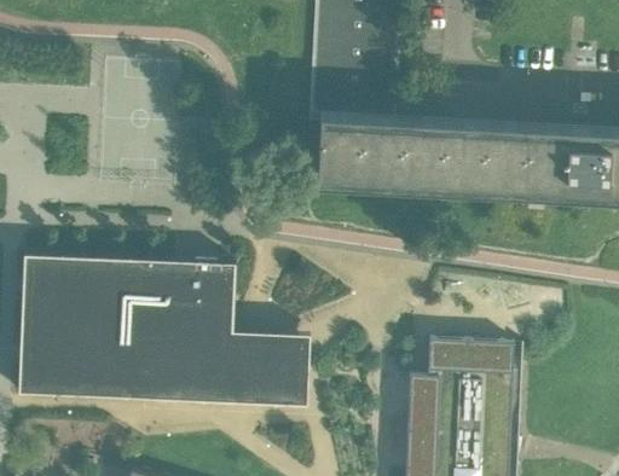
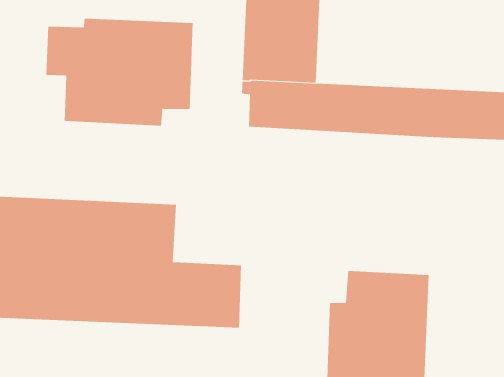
building: none -> [46,18,193,126]

